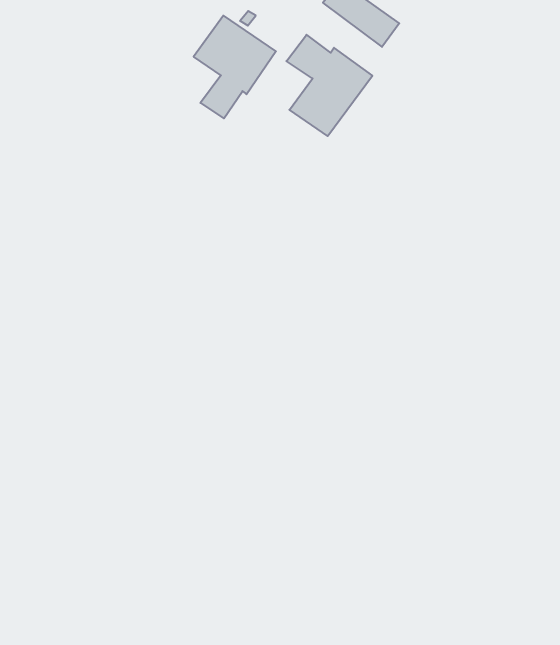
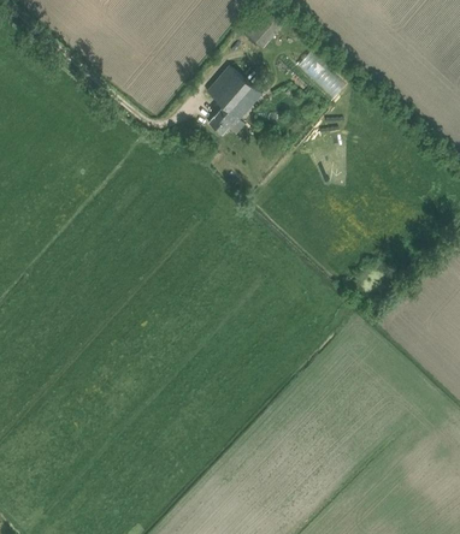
building: [286,35,372,136] -> none

